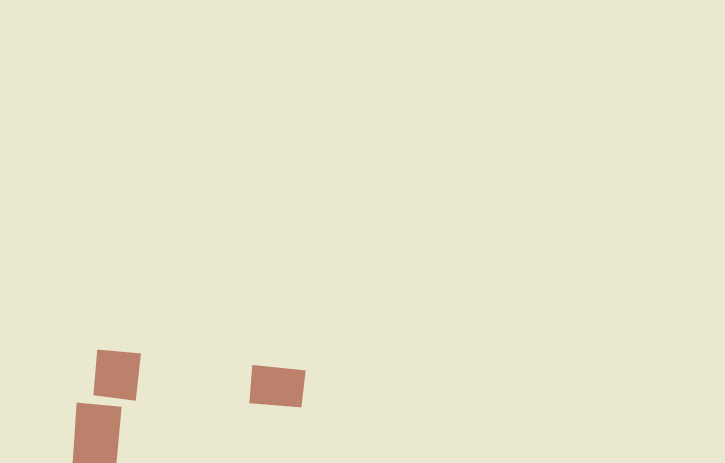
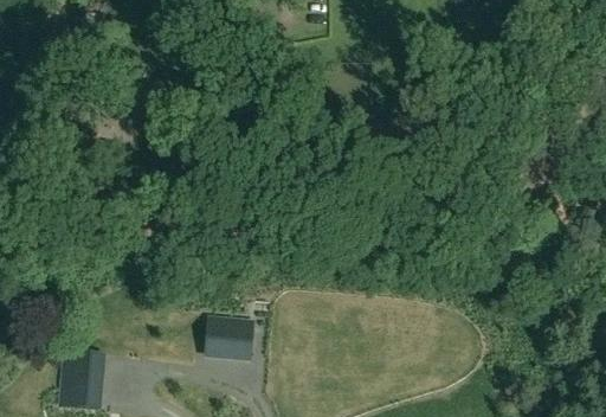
building: [93,349,141,401] -> none

